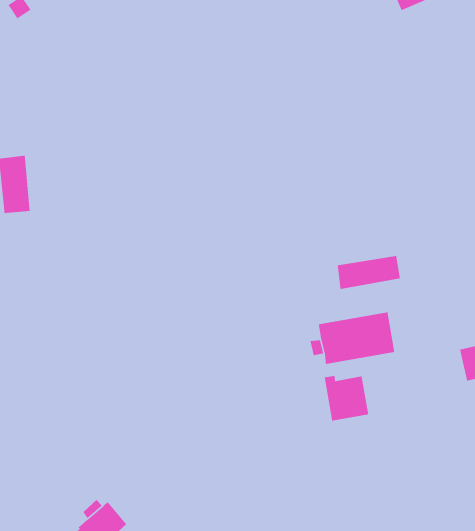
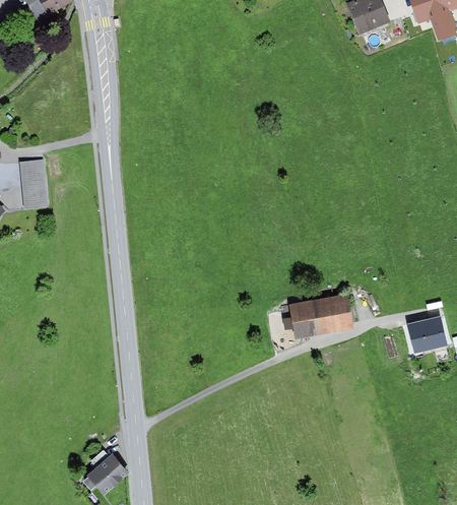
building: [337,255,401,290] -> none
building: [324,375,369,422] -> none

